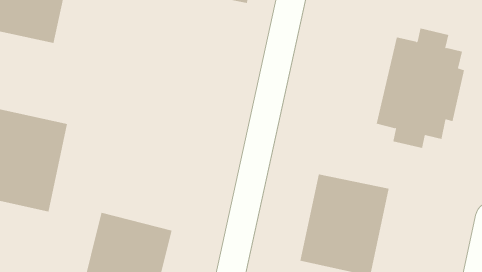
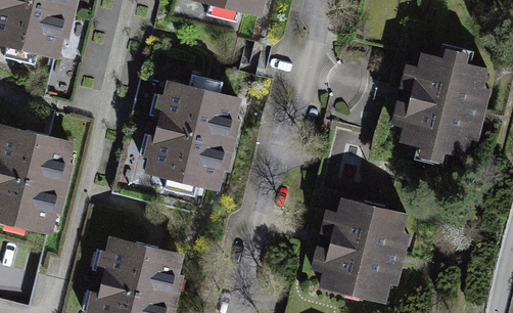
building: none -> [139,83,243,200]

